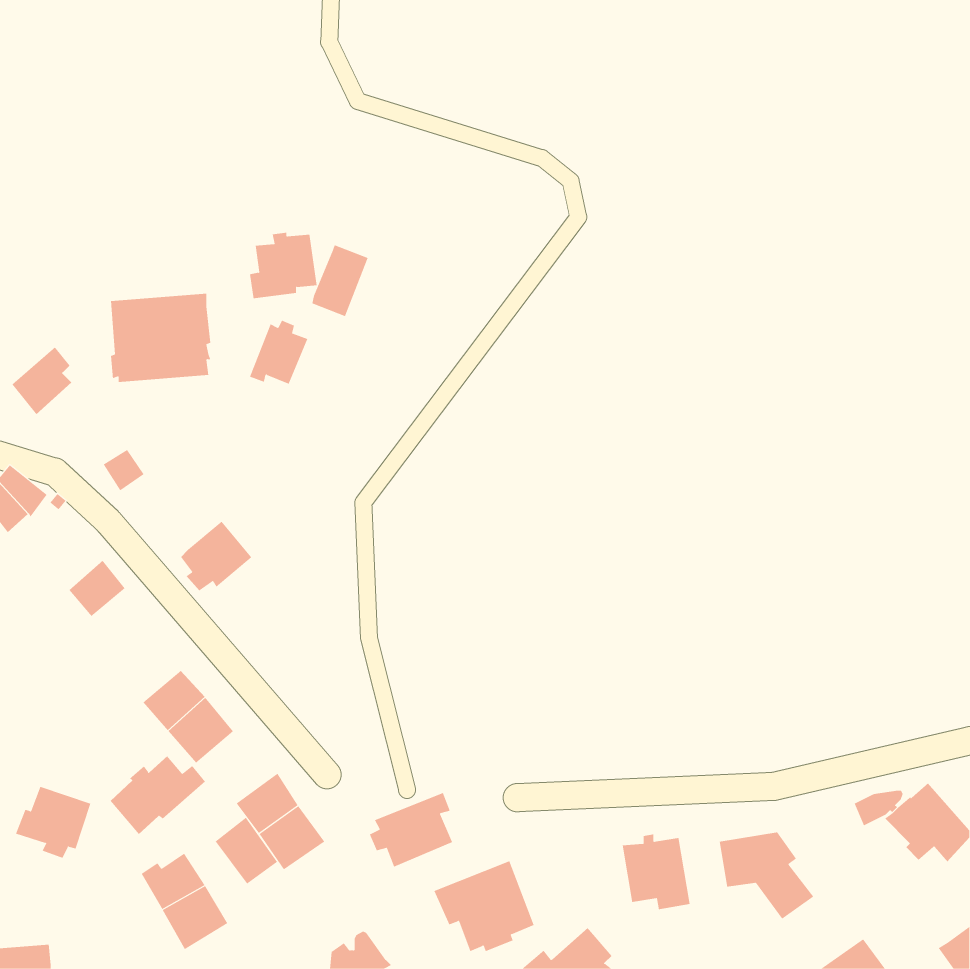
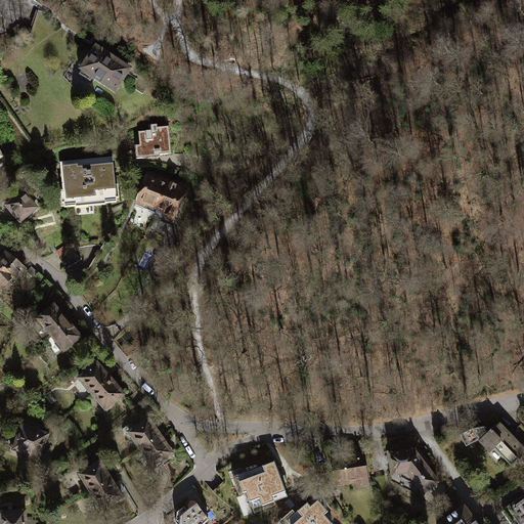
building: none -> [76,46,129,92]
building: [311,245,368,317] -> [155,179,185,218]
building: [180,521,252,591] -> [45,316,84,354]
building: [110,756,206,835] -> none
building: [369,792,453,868] -> none
building: [215,817,278,885] -> none

